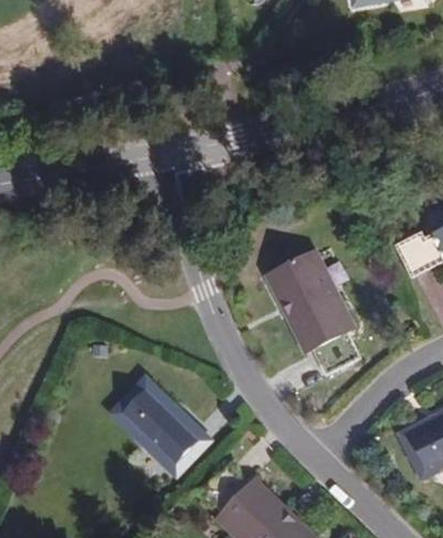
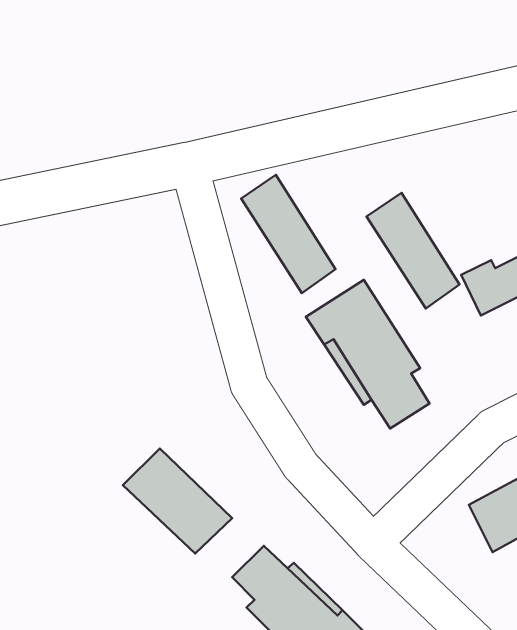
building: none -> [241,175,335,293]
building: none -> [367,193,459,309]

